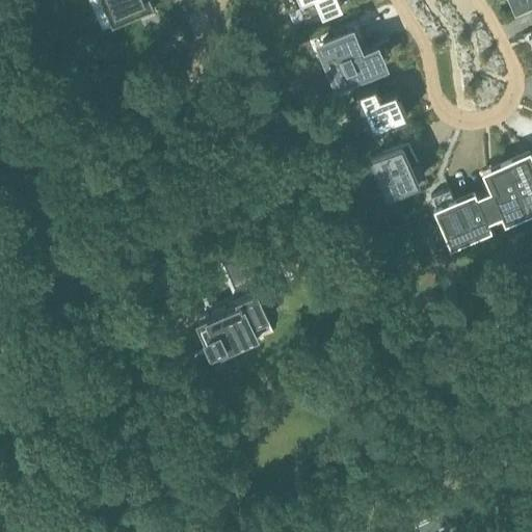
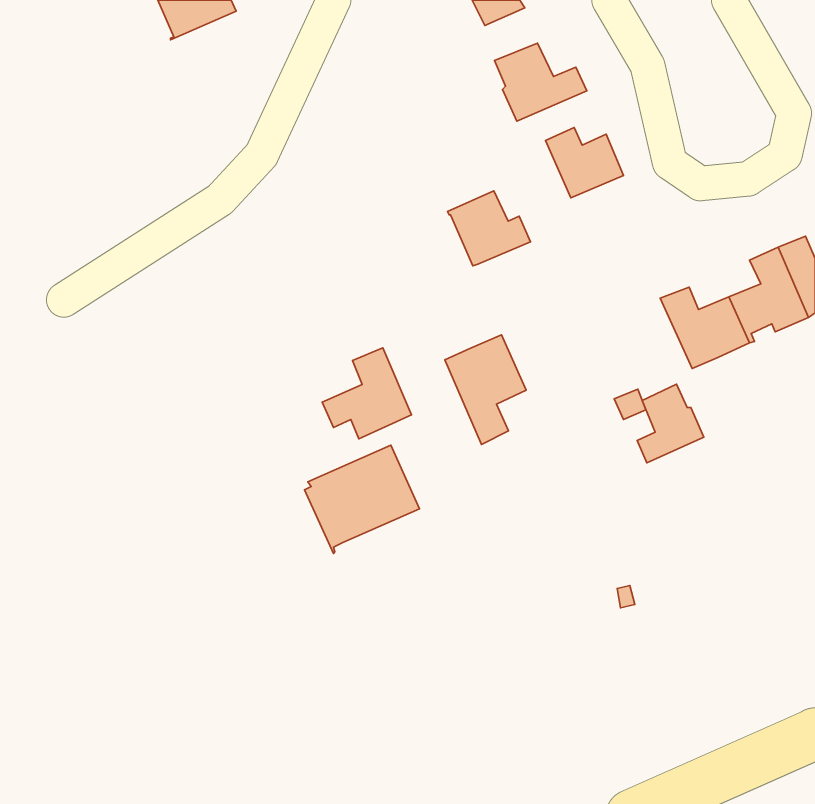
building: [370,149,424,197] -> [447,191,530,266]
building: none -> [445,335,526,445]
building: none -> [637,384,704,463]

